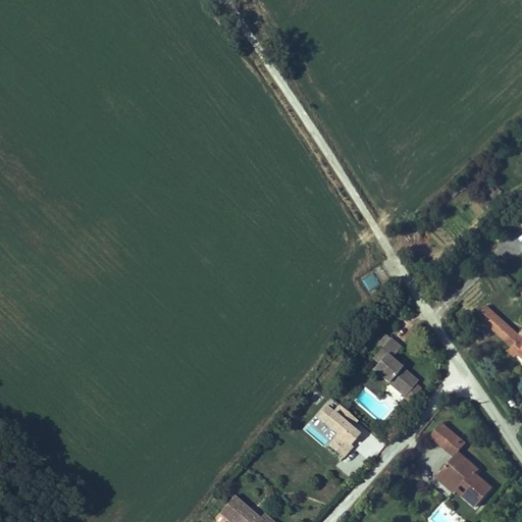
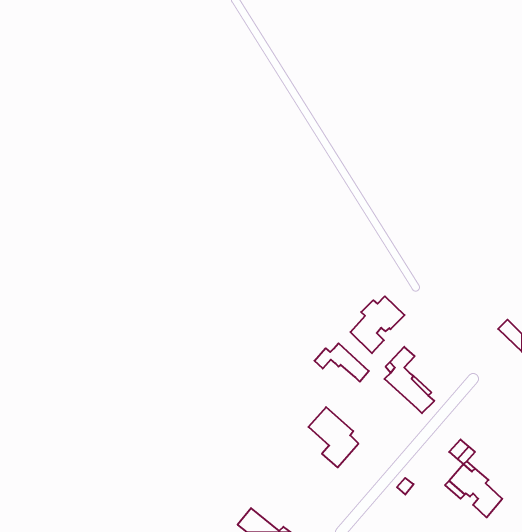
building: none -> [350,296,405,353]
building: none -> [314,343,369,382]

